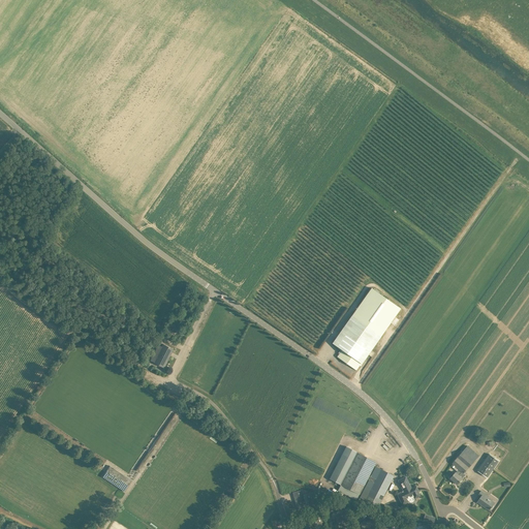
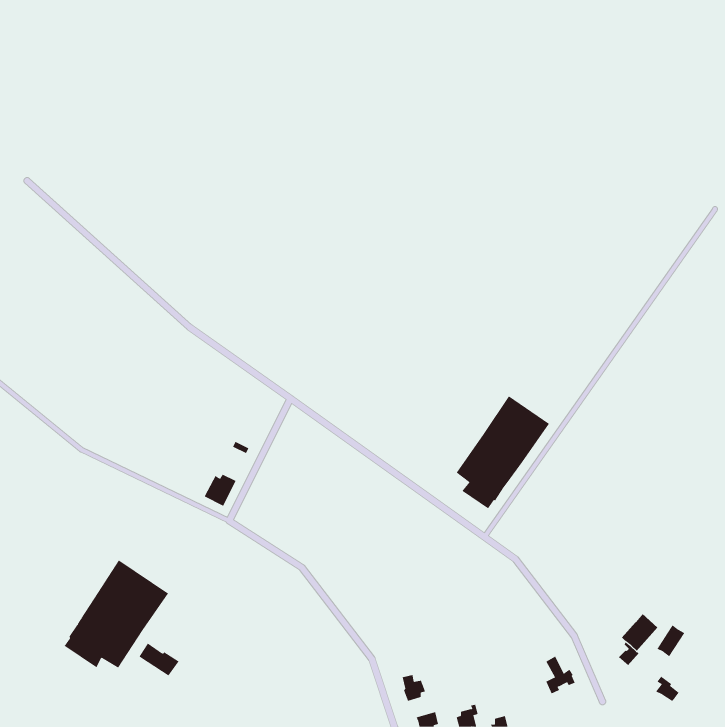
building: none -> [64,560,169,669]
building: [338,452,392,506] -> none

